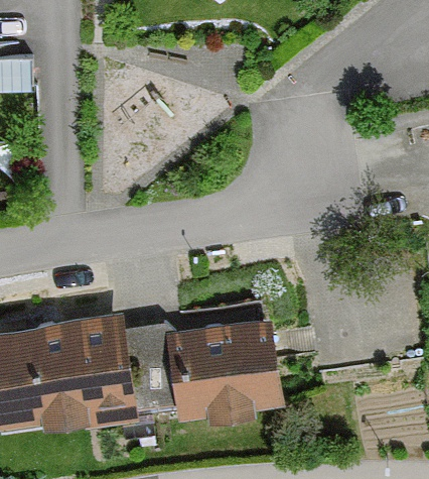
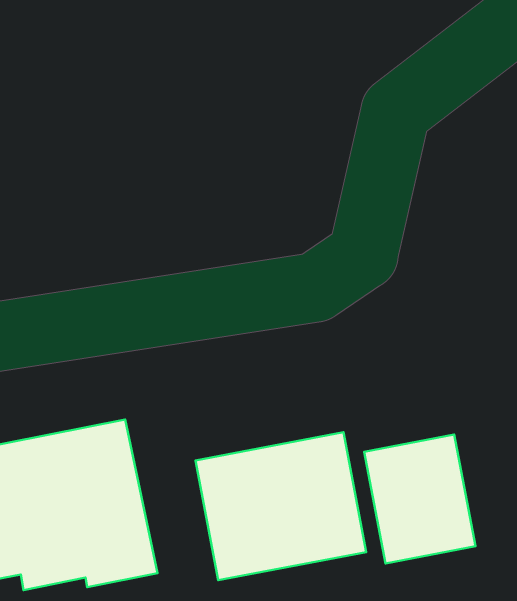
building: none -> [364,434,475,564]

